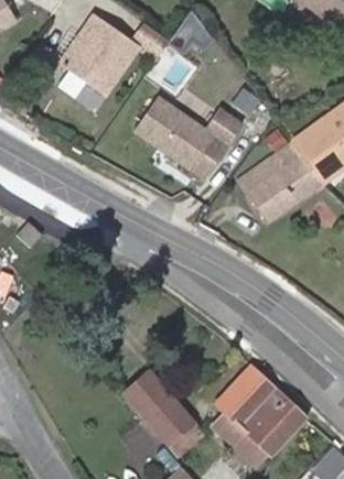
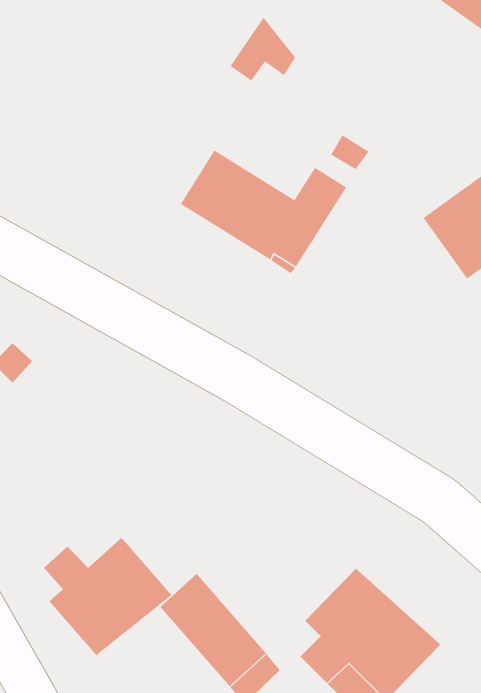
building: [58,17,138,97] -> none
building: [240,141,322,221] -> none
building: none -> [43,537,173,656]

